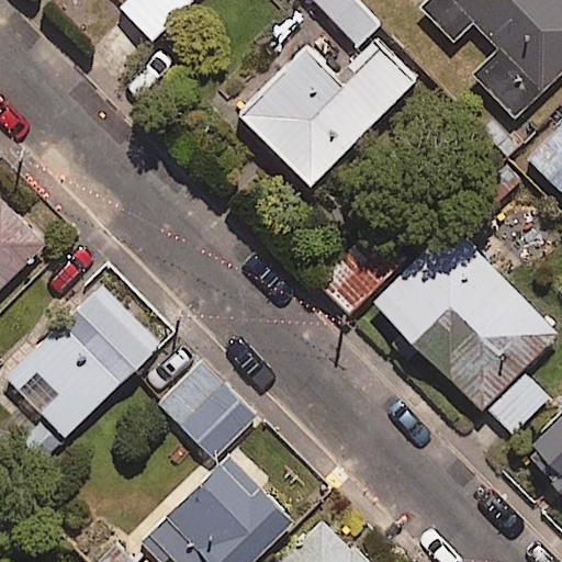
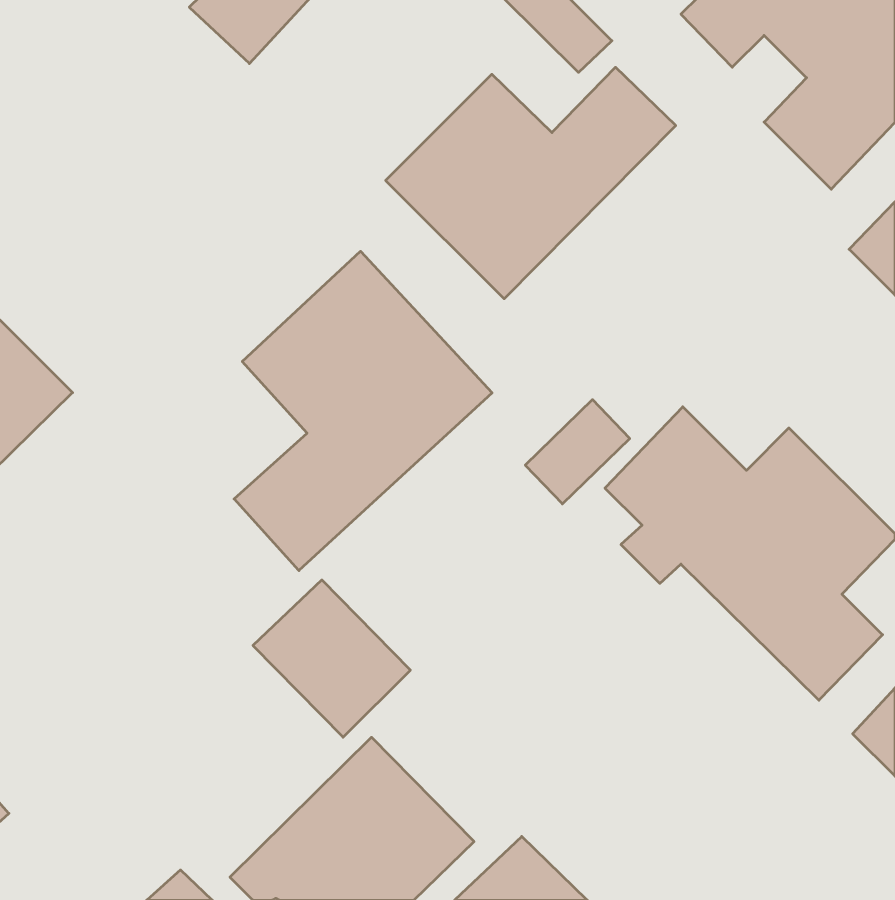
building: none -> [234,251,492,571]
building: [5,285,159,437] -> none

